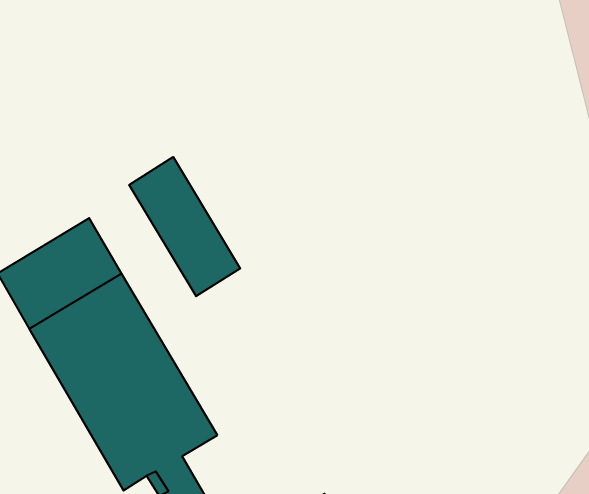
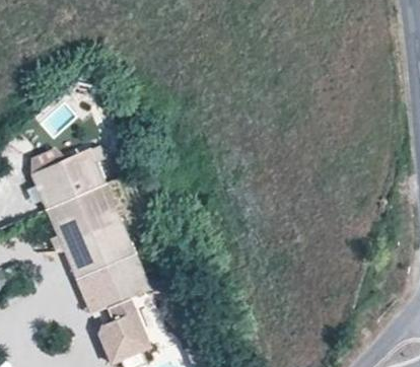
building: [129,157,240,296] -> none

